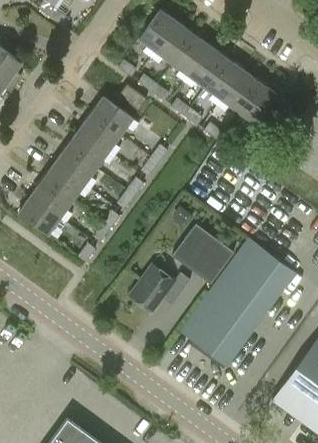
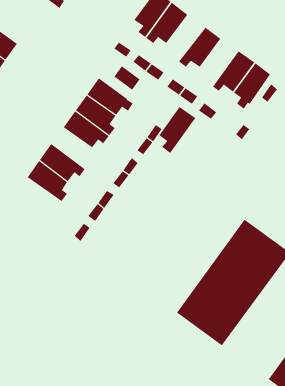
building: [171,34,210,81] -> none
building: [205,58,243,106] -> [158,106,196,154]
building: [55,147,97,189] -> none
building: [18,197,66,235] -> none
building: [173,224,235,285] -> none
building: [131,266,191,313] -> none

